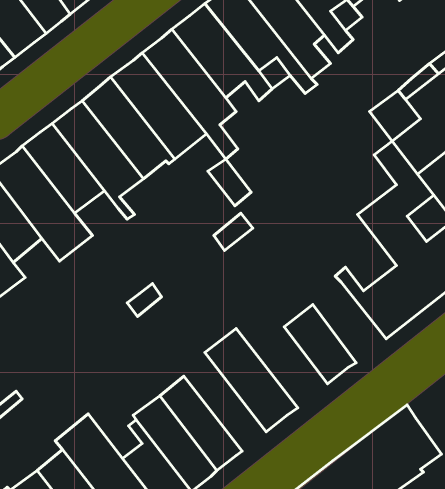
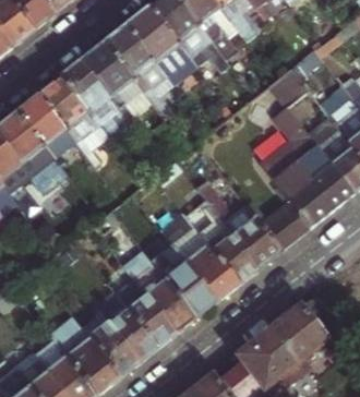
building: none -> [203,184,283,267]
building: none -> [164,226,240,300]
building: none -> [125,251,195,332]

